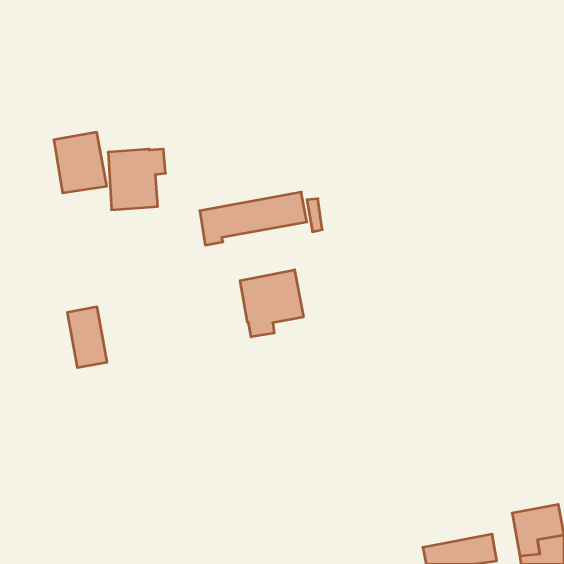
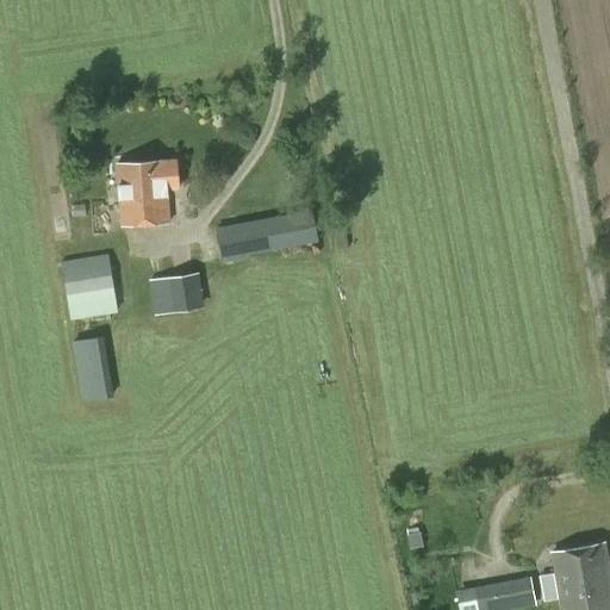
building: [54,132,107,193] -> [61,254,118,319]
building: none -> [148,273,204,315]
building: [240,270,303,337] -> none

